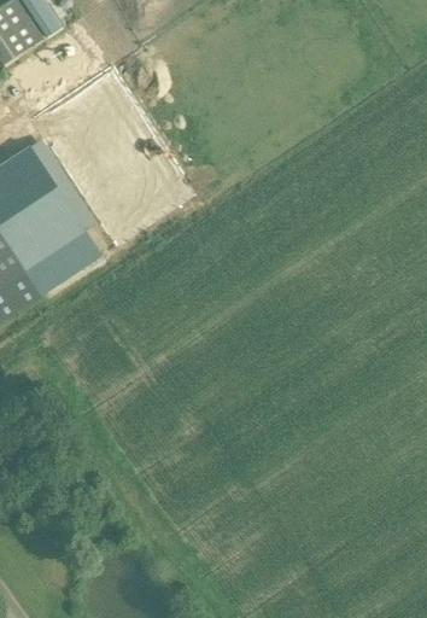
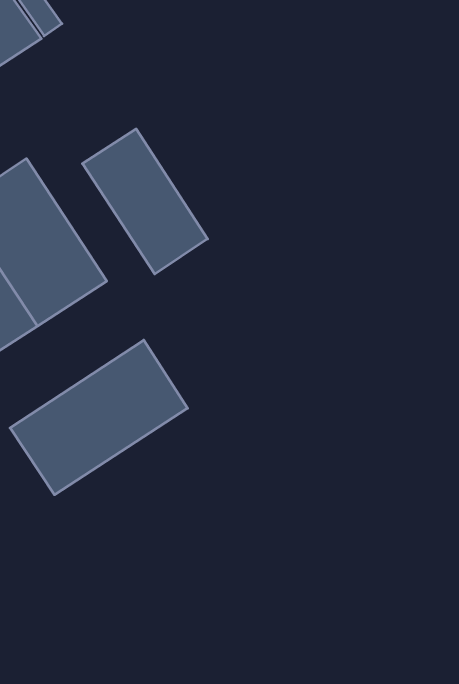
building: none -> [82,129,208,274]
building: none -> [10,340,188,495]

